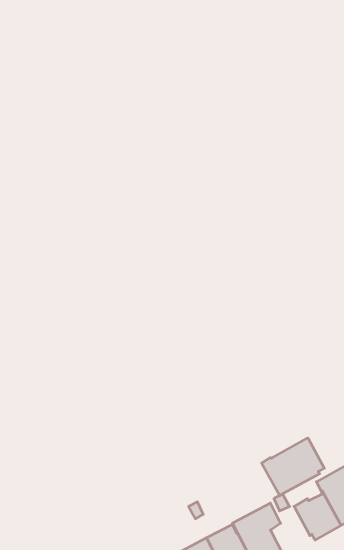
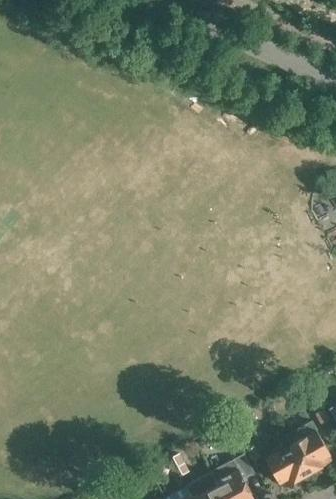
building: [262,438,324,496] -> none

